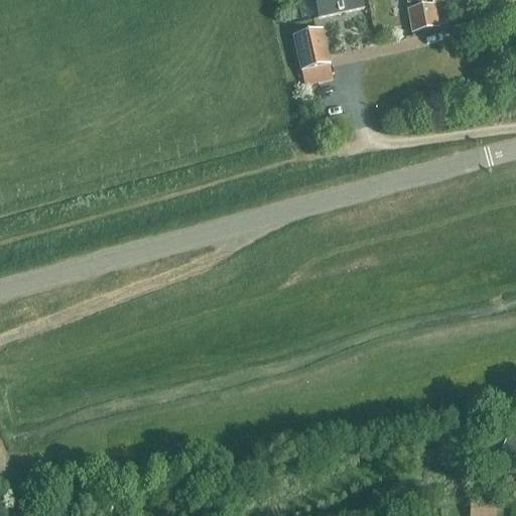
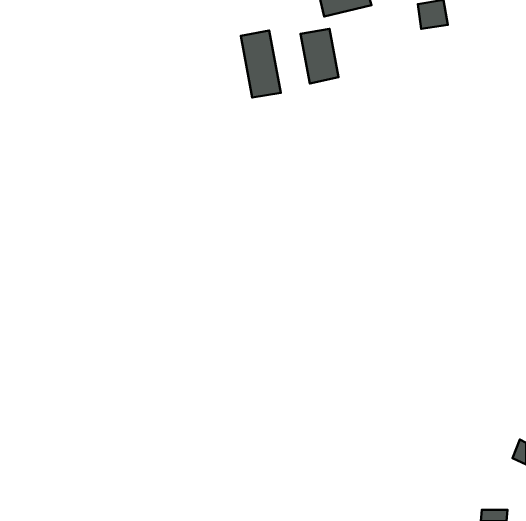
building: none -> [241,30,281,97]

